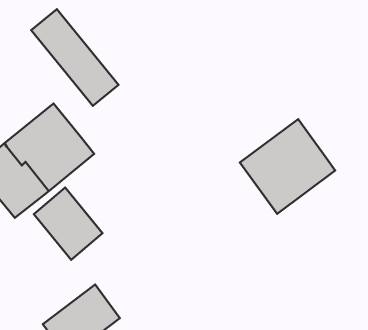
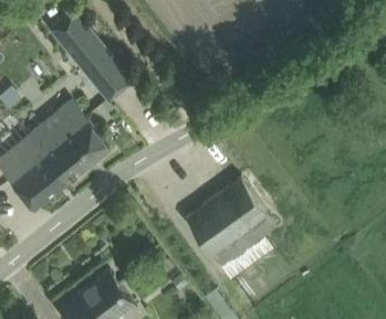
building: [240,119,335,214] -> [185,179,275,268]
building: [34,187,103,260] -> none

